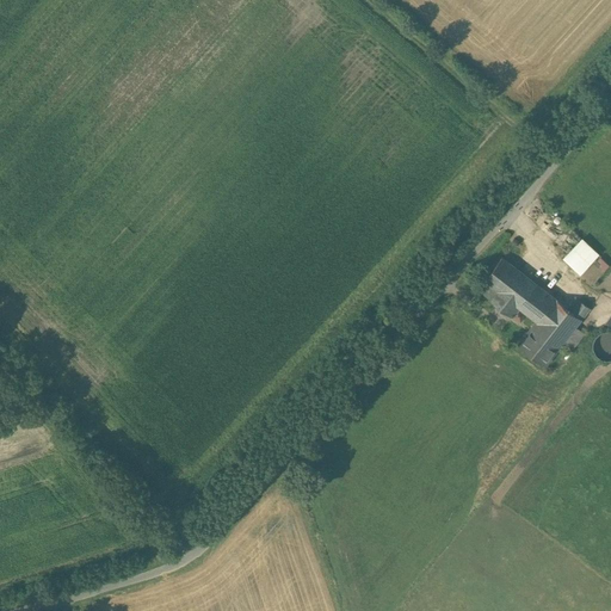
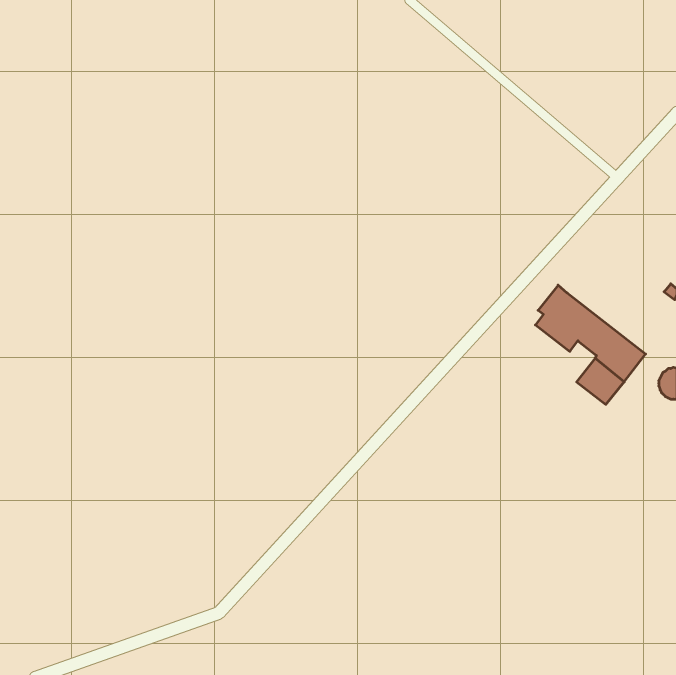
building: [564,240,600,276] -> none

